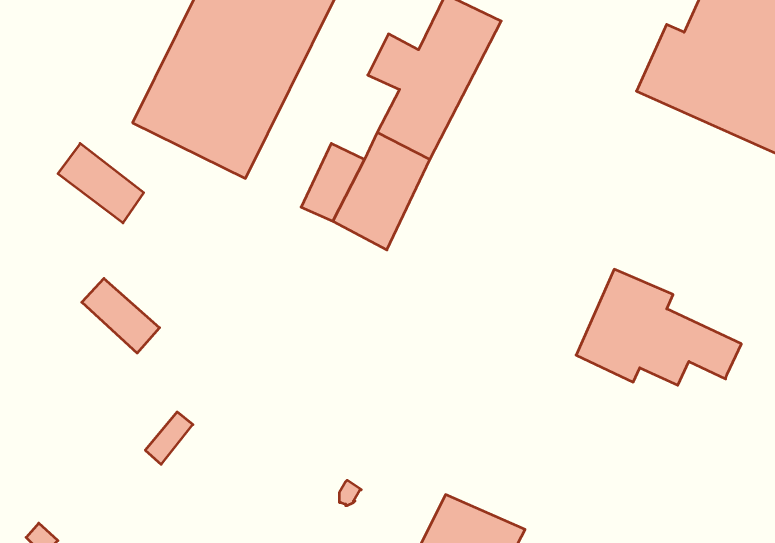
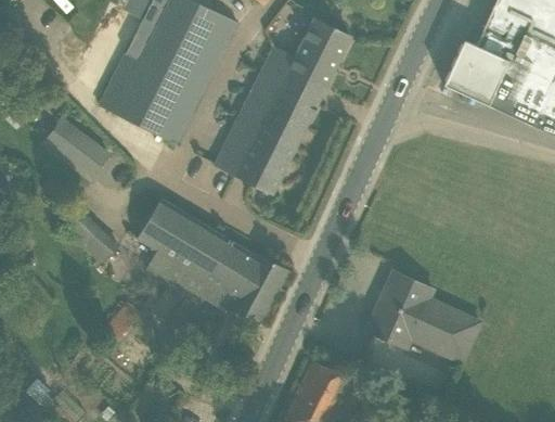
building: none -> [234,74,281,131]
building: none -> [137,197,287,322]
building: [576,269,741,385] -> [366,271,479,350]

